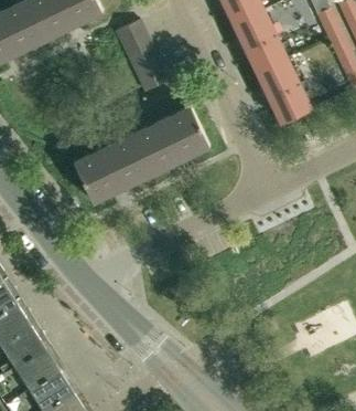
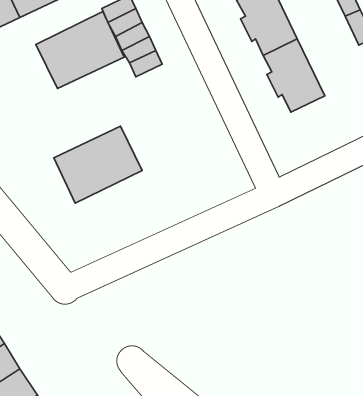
building: [133,106,211,173] -> [36,12,124,89]

